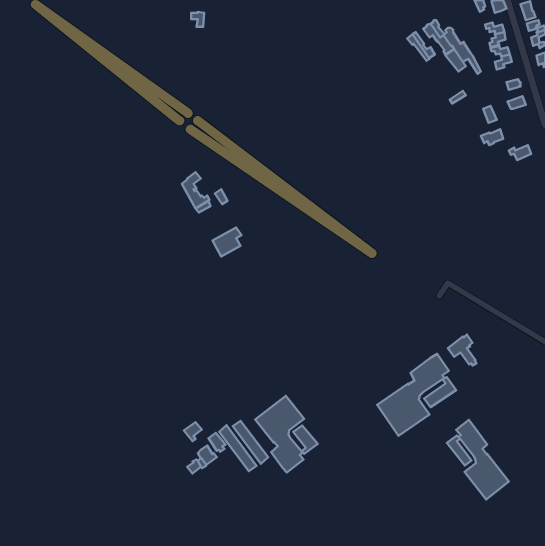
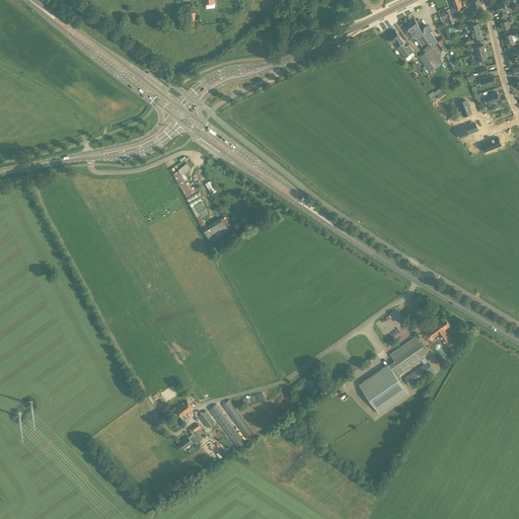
building: [255,396,318,473] -> none
building: [447,420,509,500] -> none

